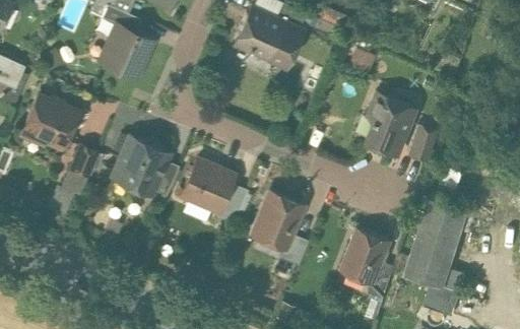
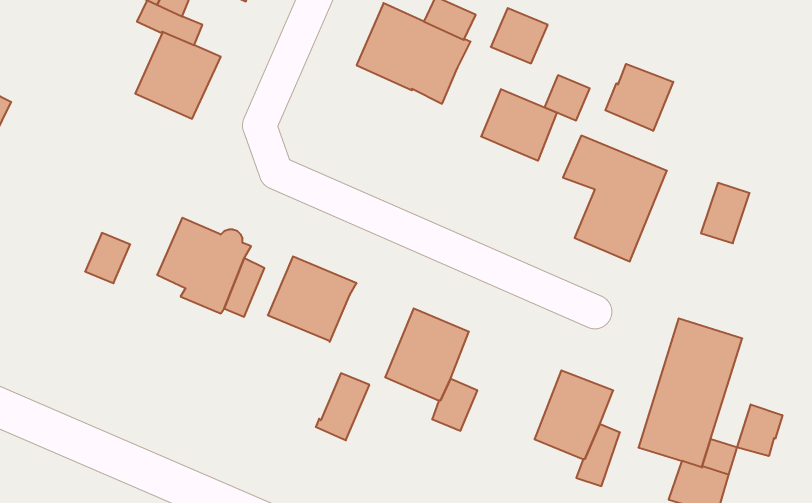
building: none -> [605,64,673,131]
building: none -> [481,89,557,161]
building: [23,94,77,150] -> none
building: [408,127,438,163] -> [701,183,750,243]
building: [214,184,247,224] -> [316,373,369,440]
building: none -> [737,404,782,456]

